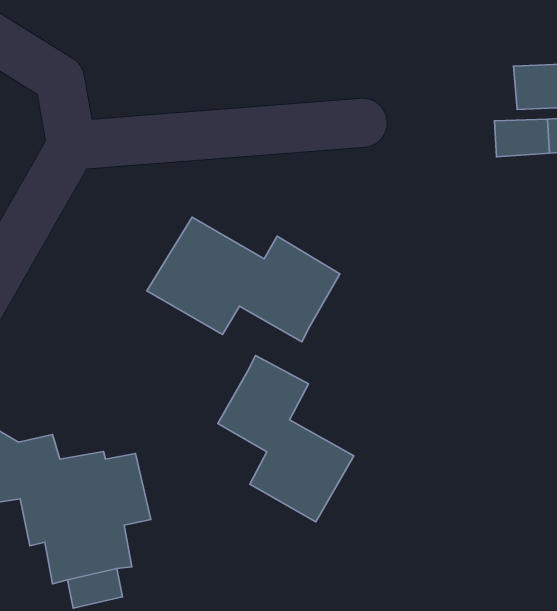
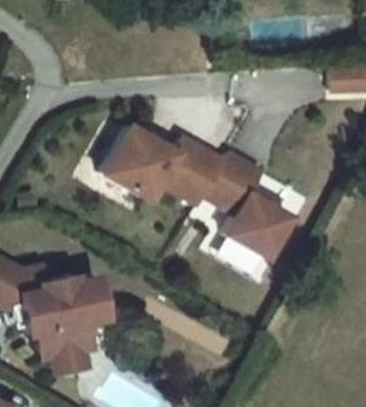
building: [218,356,354,522] -> [206,167,293,273]

